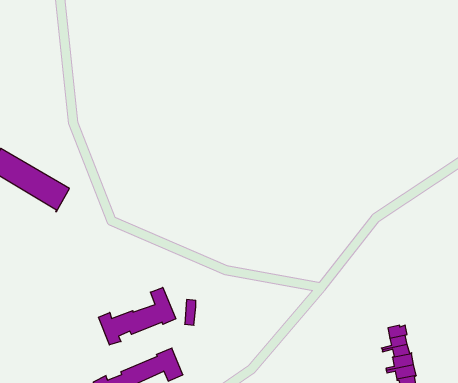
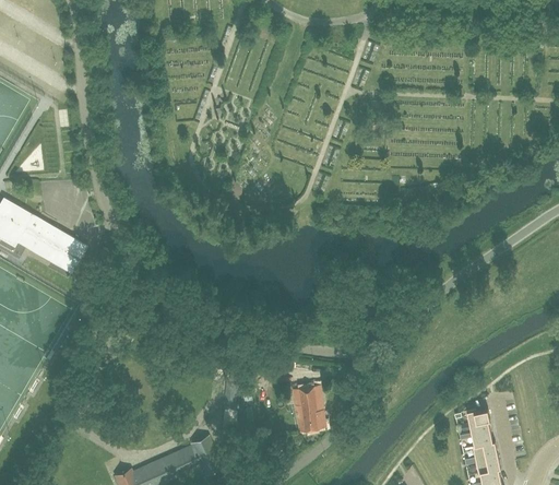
building: [99,287,176,345] -> none
building: none -> [292,386,325,433]

